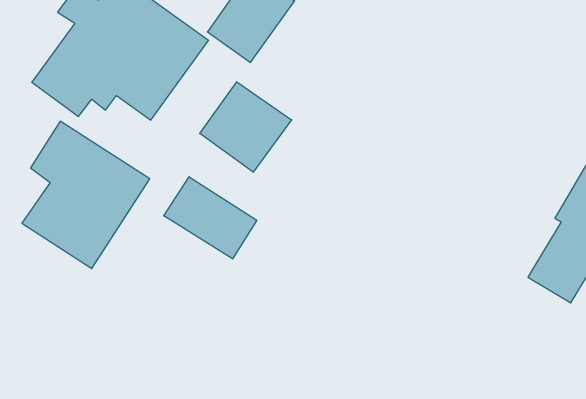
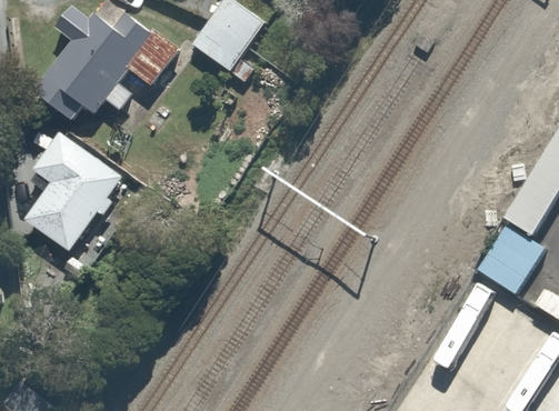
building: [200,82,292,172] -> none
building: [164,177,257,259] -> none

